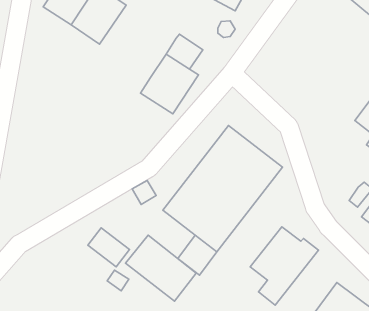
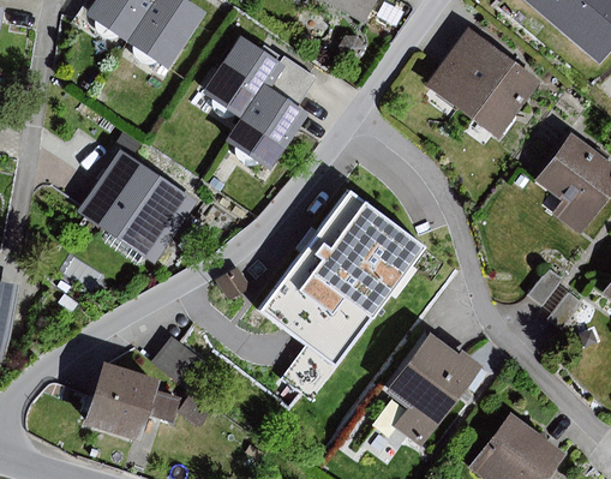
building: none -> [425,28,539,137]
building: none -> [203,35,277,116]
building: none -> [80,152,196,263]
building: [126,235,196,301] -> none
building: none -> [83,361,161,439]

